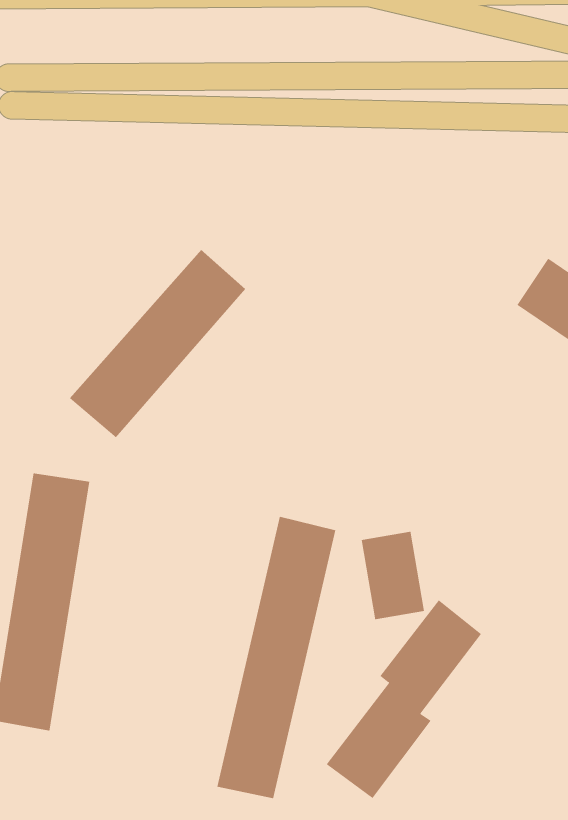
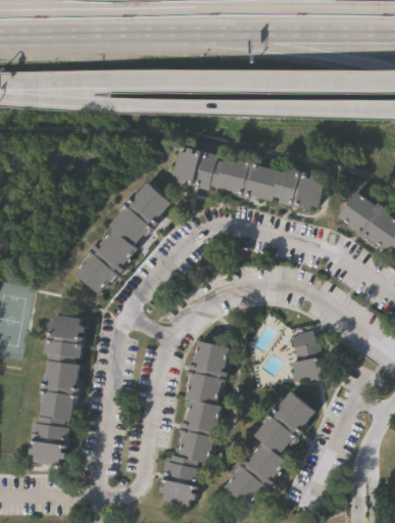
building: none -> [172,142,325,215]
building: [361,531,425,620] -> [288,329,326,381]

